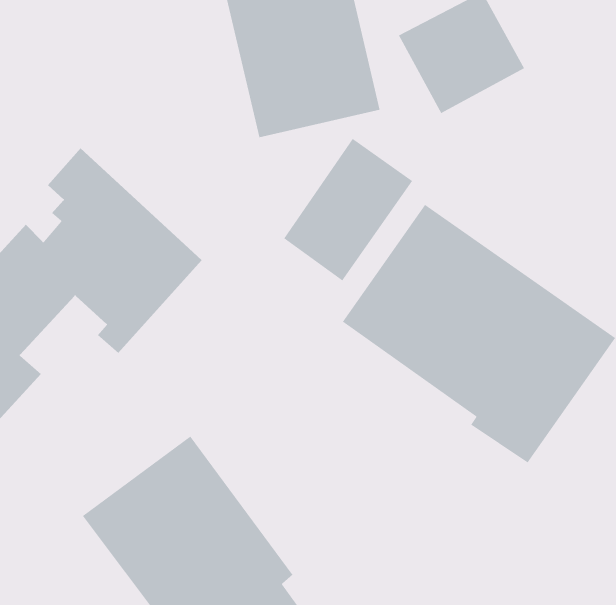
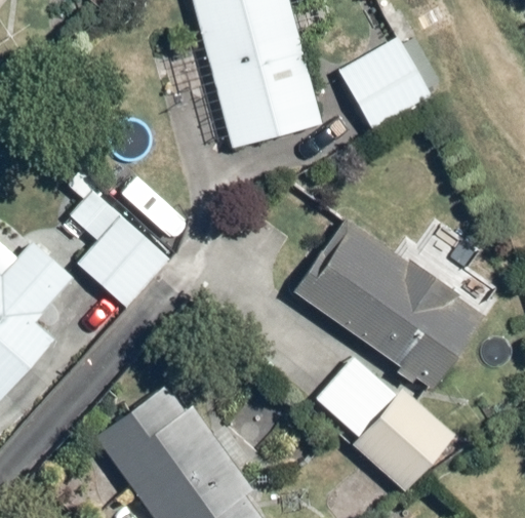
building: [283,138,413,281] -> none
building: none -> [310,352,455,488]

